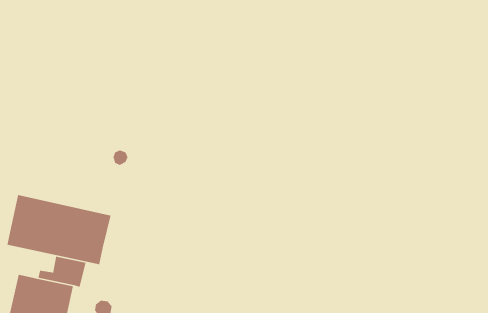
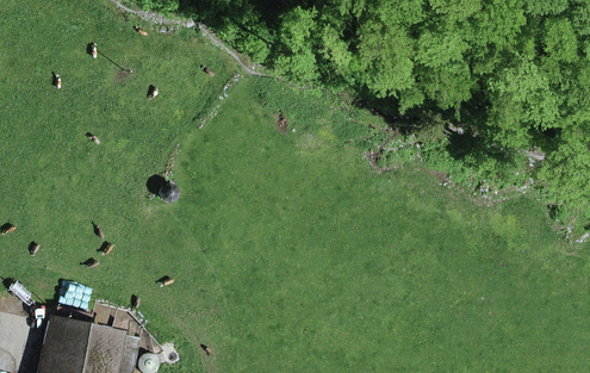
building: [7,194,111,265] -> none

